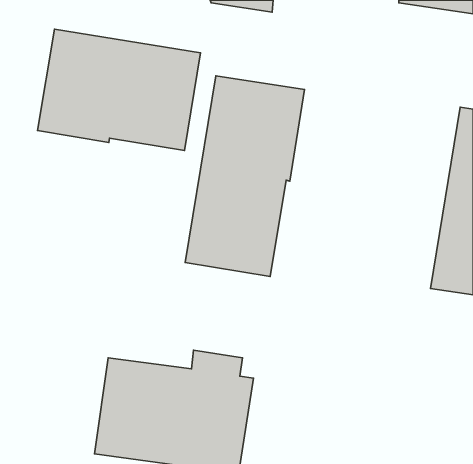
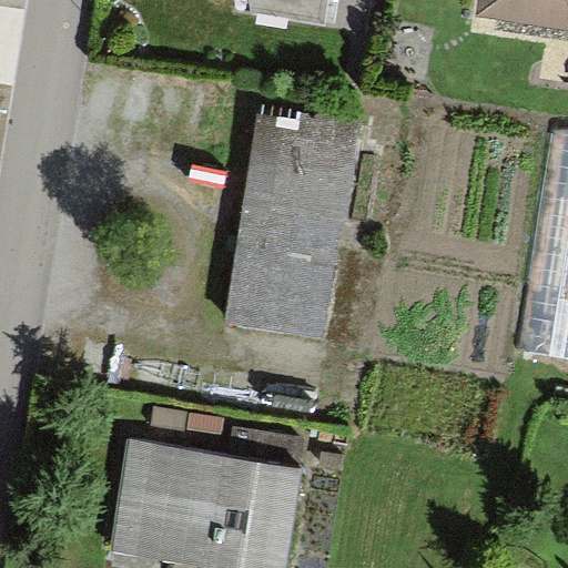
building: [38,29,200,150] -> none

